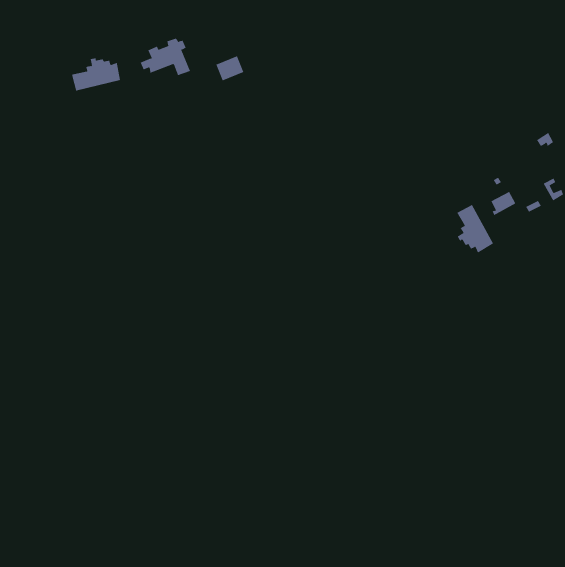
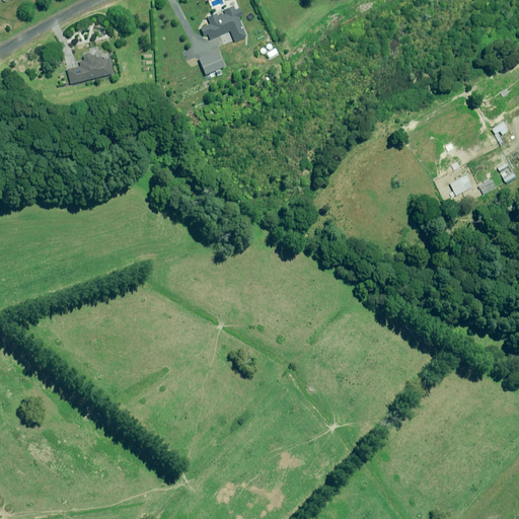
building: [140,38,191,76] -> [201,5,247,40]
building: [456,204,494,254] -> none

